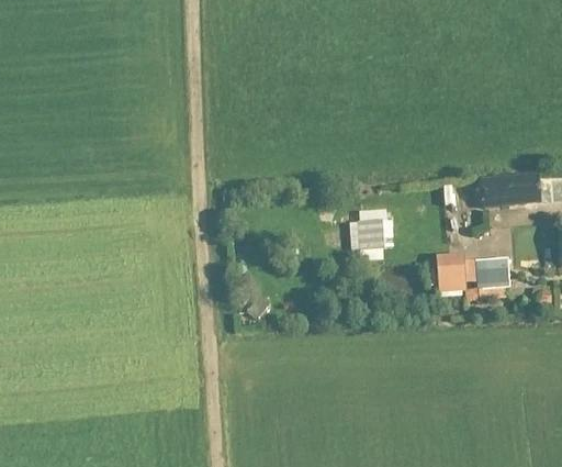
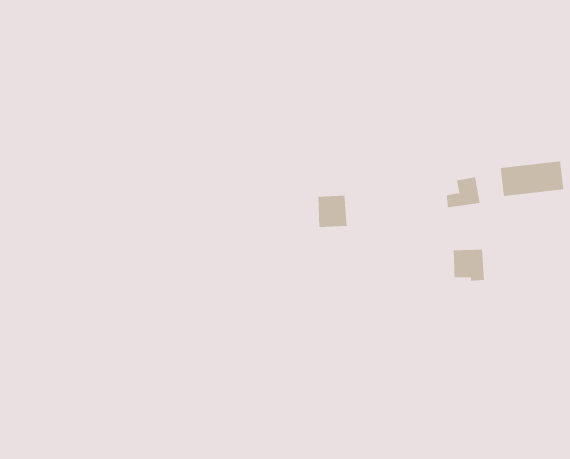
building: [355,220,383,251] -> [317,195,347,227]
building: [474,253,509,287] -> none

